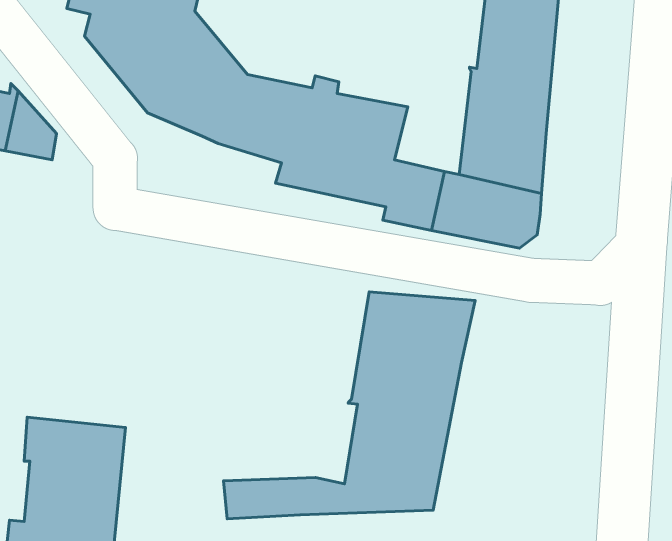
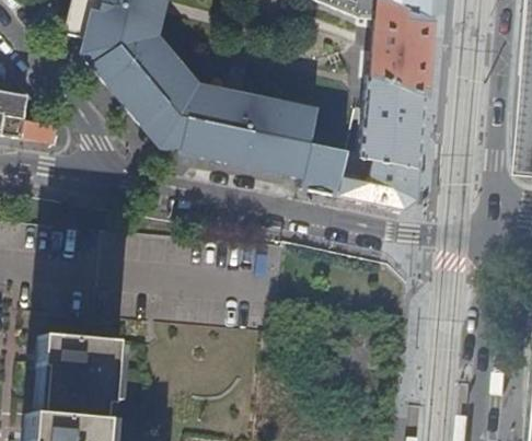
building: none -> [127,111,227,163]
building: [224,292,475,519] -> none

